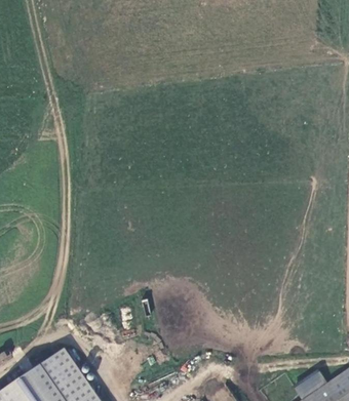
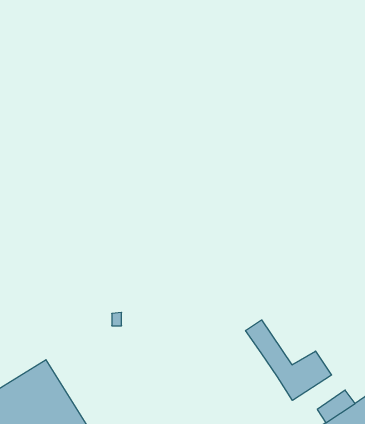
building: none -> [246,320,332,400]

